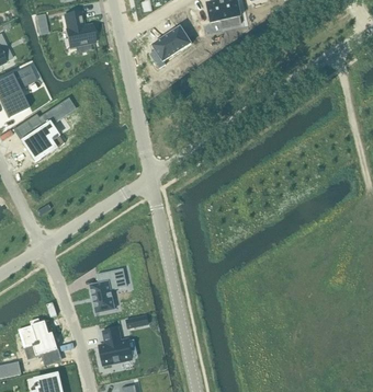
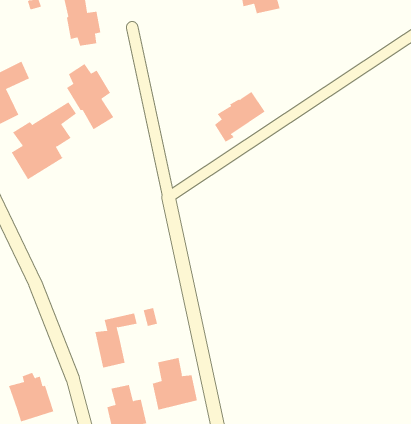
building: [149,26,191,68] -> [214,91,265,142]
building: none -> [66,63,114,130]
building: none -> [152,357,197,411]

